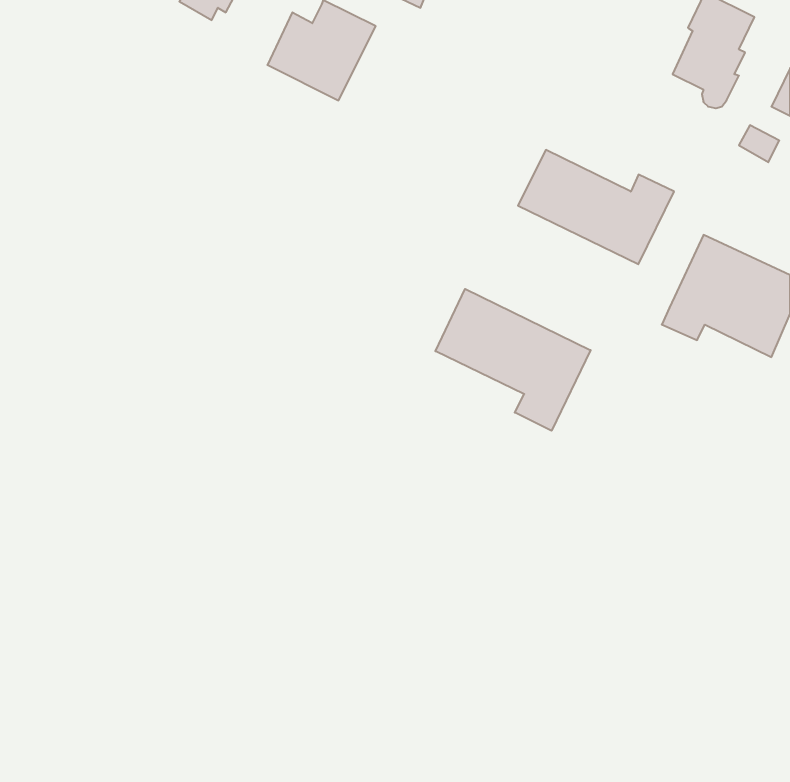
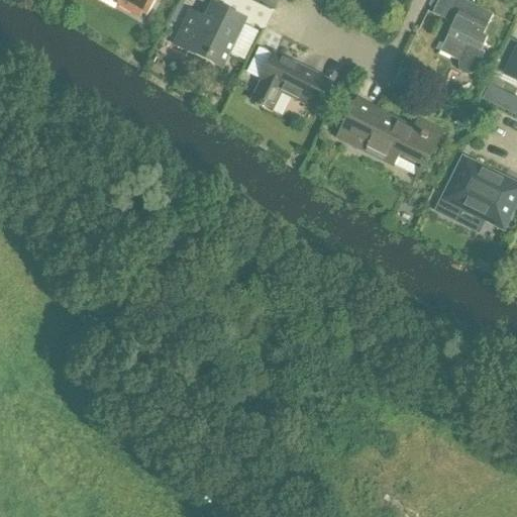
building: none -> [251,50,331,107]
building: [435,289,591,431] -> none

